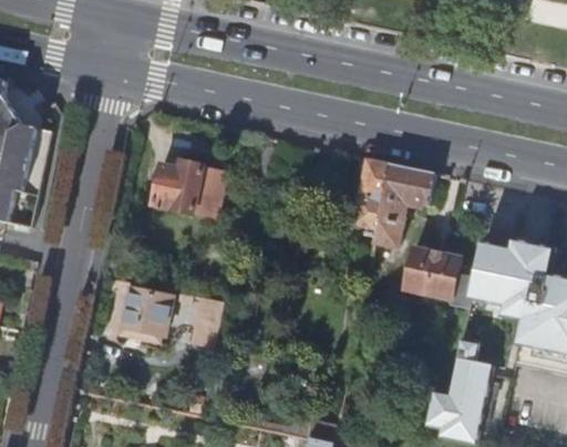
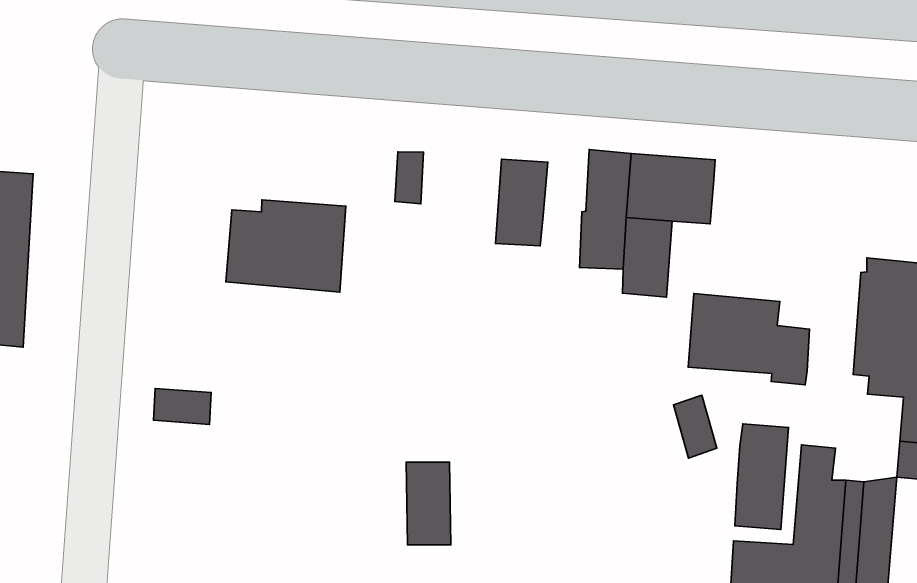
building: none -> [496,159,548,246]
building: [470,242,507,304] -> [735,424,789,529]
building: [118,289,172,340] -> none
building: [195,293,225,343] -> [406,462,451,545]

